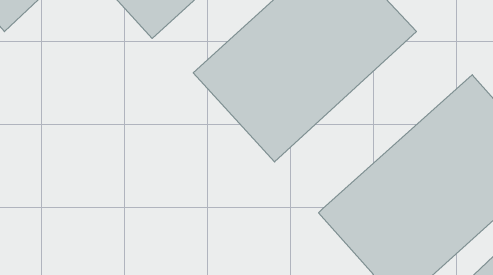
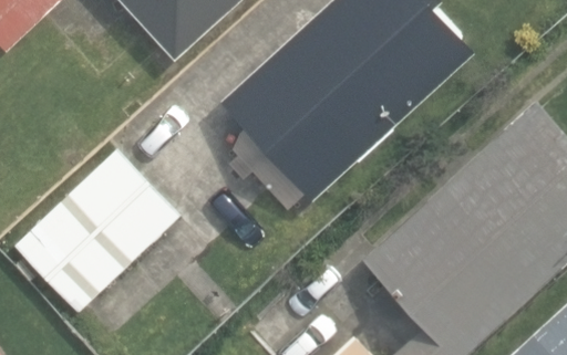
building: none -> [12,148,181,315]

